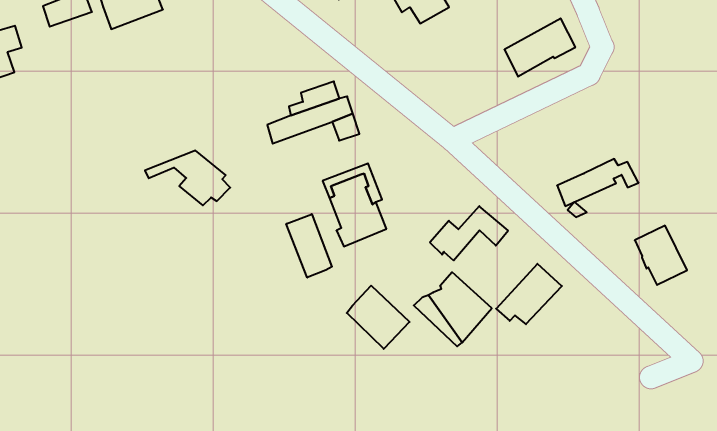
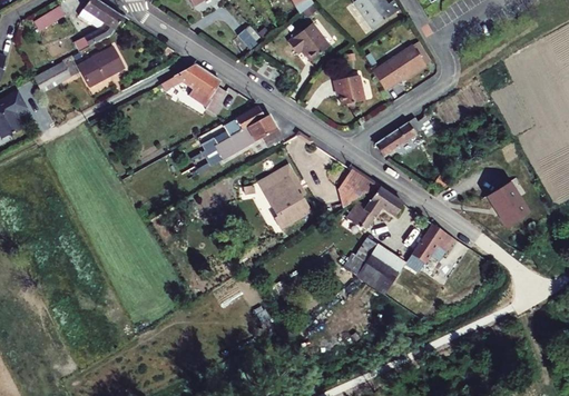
building: none -> [337,73,371,103]
building: [145,151,230,205] -> [159,68,224,108]
building: [557,159,639,206] -> [379,117,439,156]
building: none -> [333,168,372,198]
building: [286,214,332,278] -> none
building: [347,286,410,349] -> none

